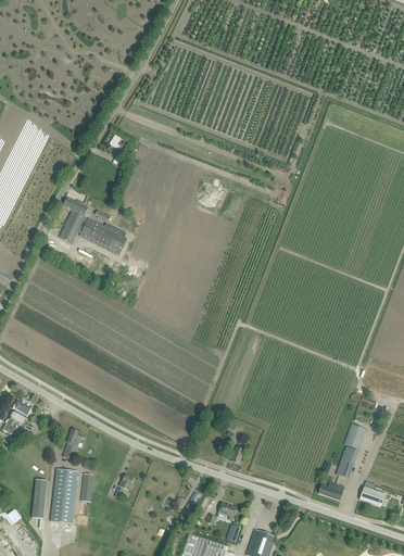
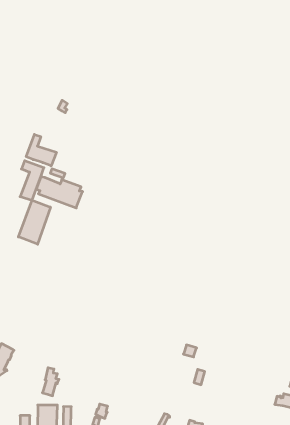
building: none -> [26,134,56,166]
building: none -> [18,200,50,244]

